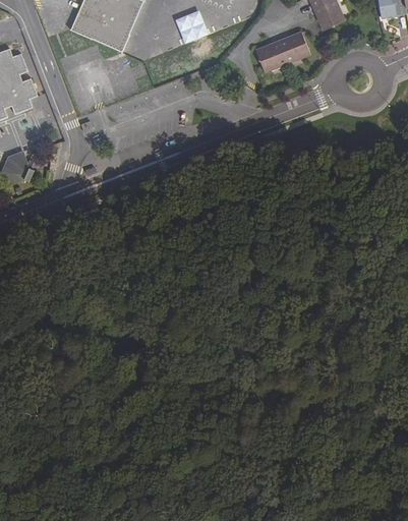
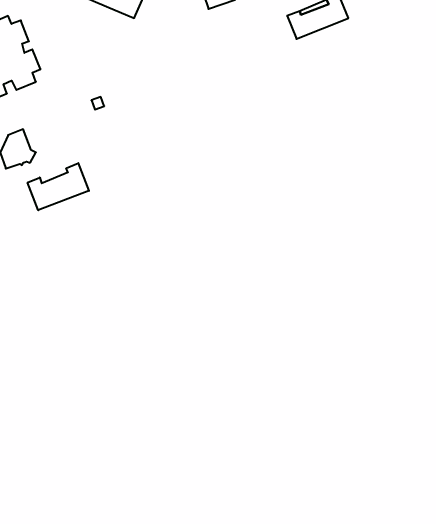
building: none -> [28,163,89,210]

